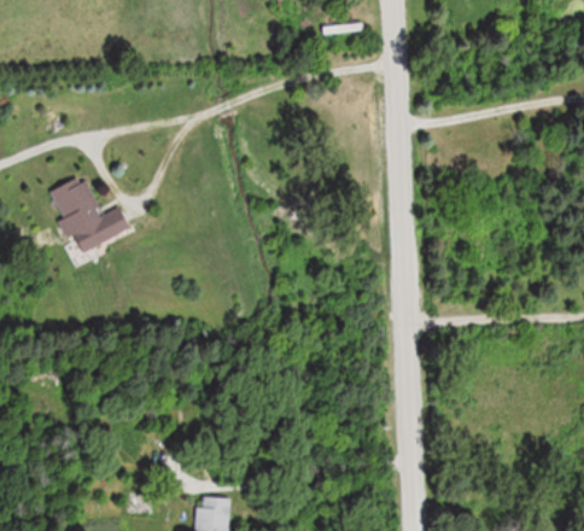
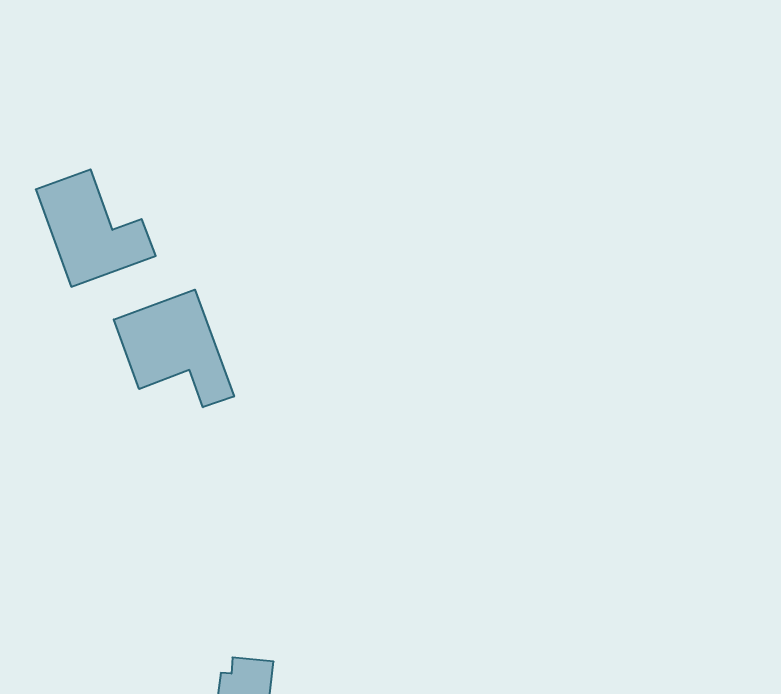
building: none -> [114,290,234,407]

